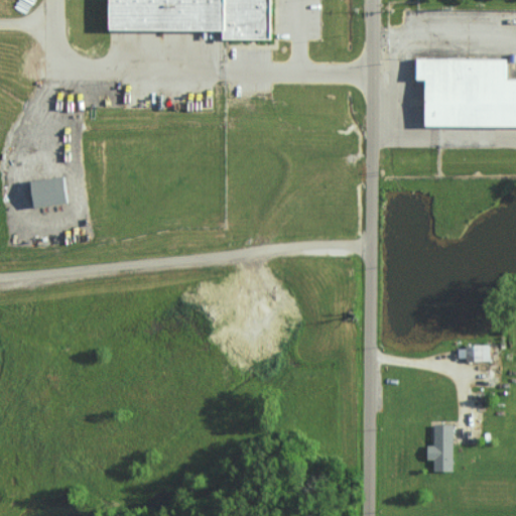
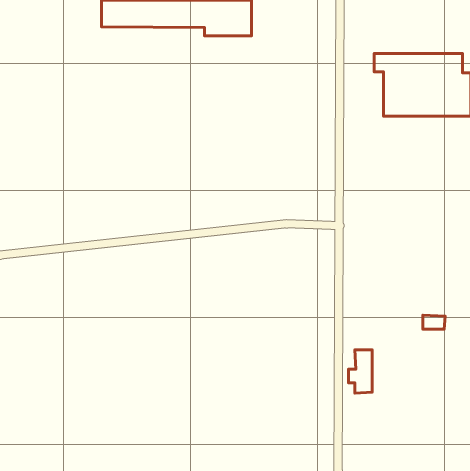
building: [33,176,74,208] -> none
building: [424,424,450,472] -> [348,350,372,393]

